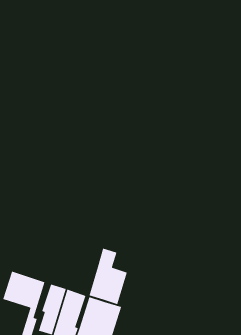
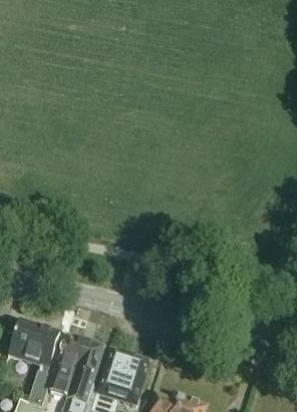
building: [88,248,128,305] -> none

